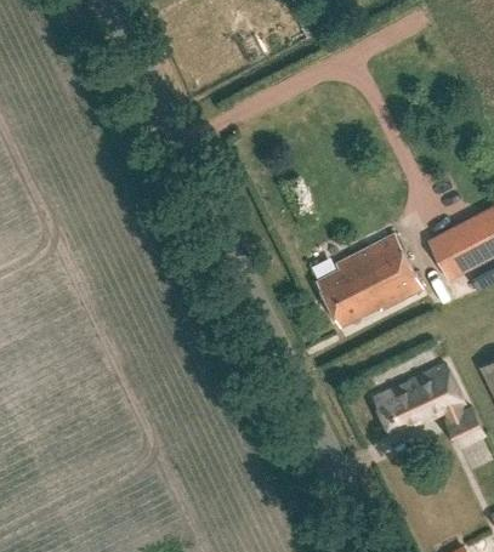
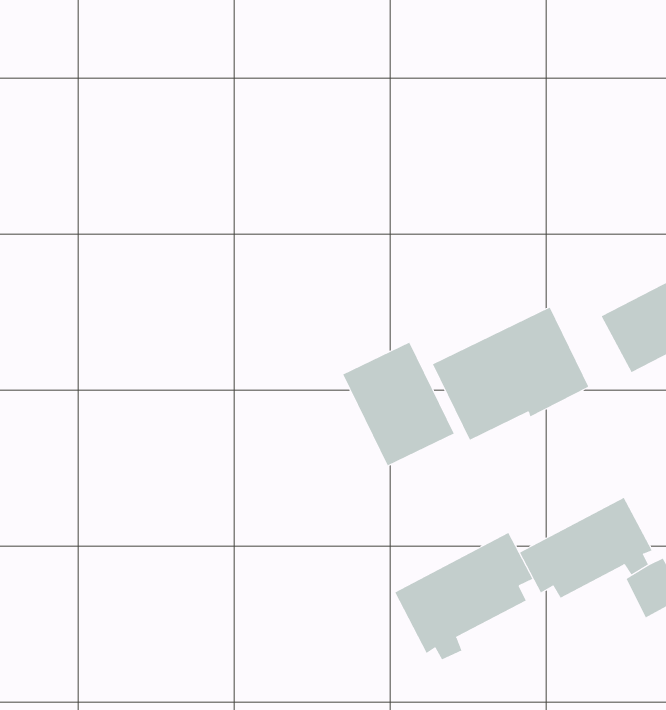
building: none -> [342,342,455,466]
building: none -> [394,532,533,660]

